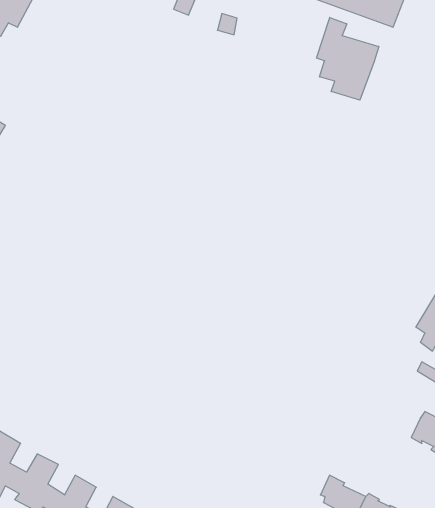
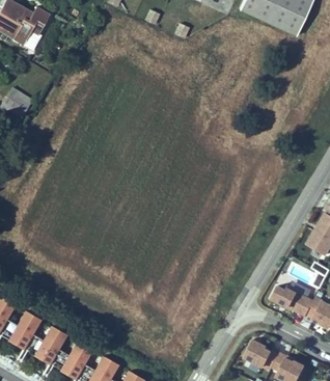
building: [316,17,379,100] -> none
building: none -> [274,287,315,317]

